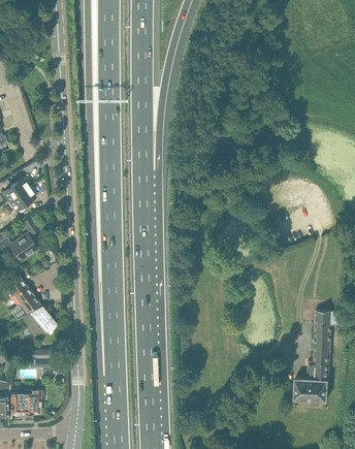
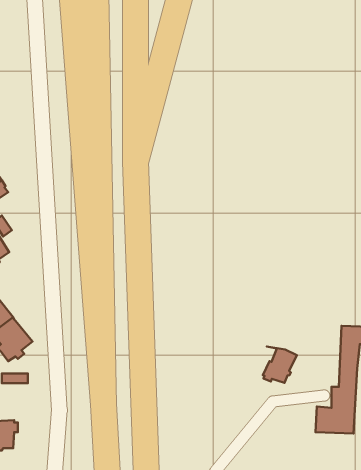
building: none -> [263,347,297,383]

